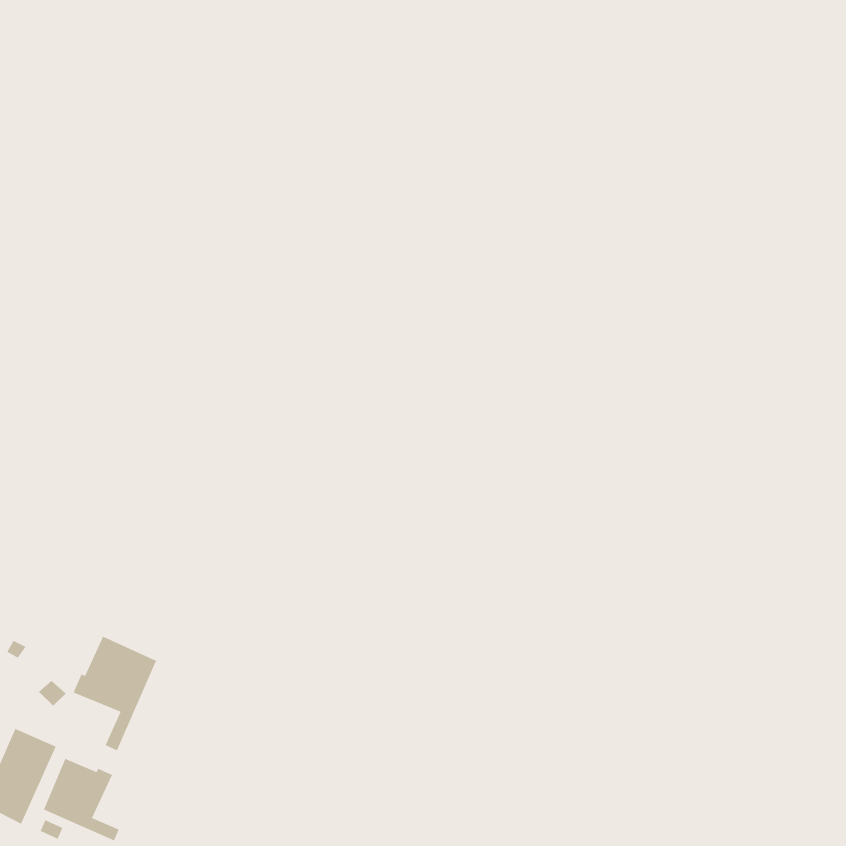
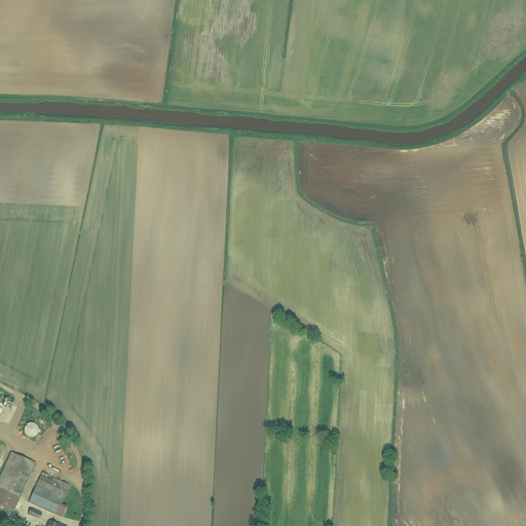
building: [73,636,157,751] -> none

